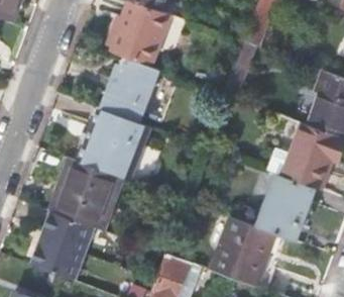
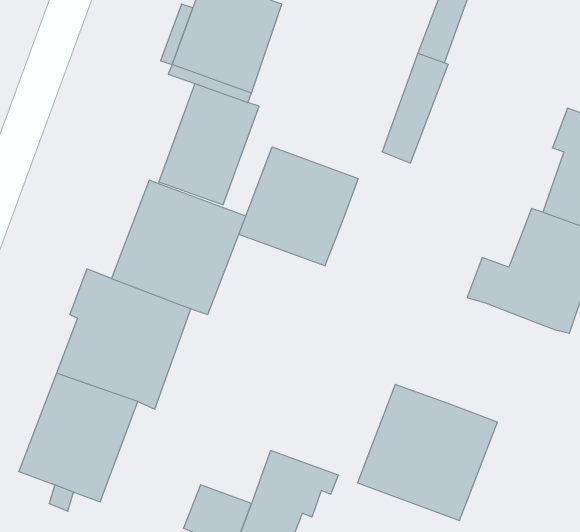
building: none -> [239,147,358,266]
building: [259,174,316,240] -> none

